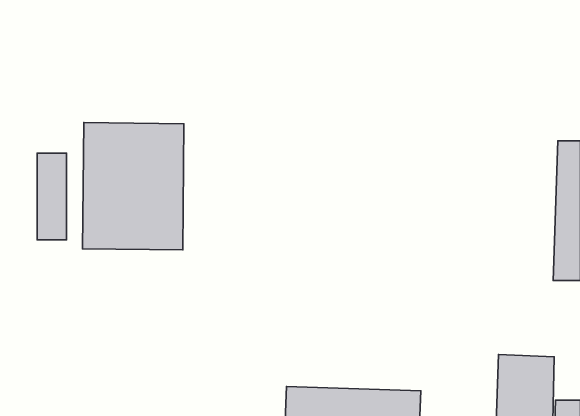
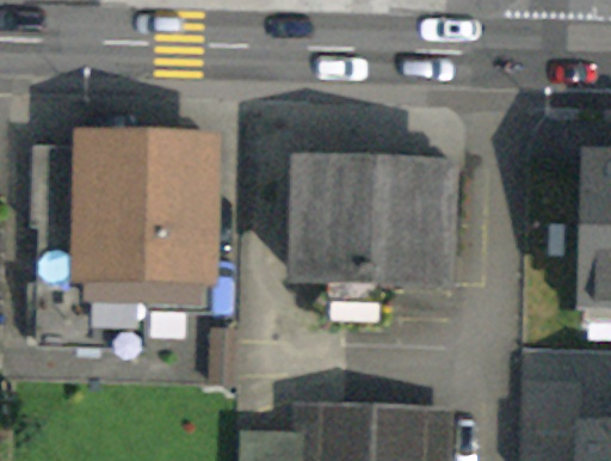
building: none -> [303,155,443,265]

